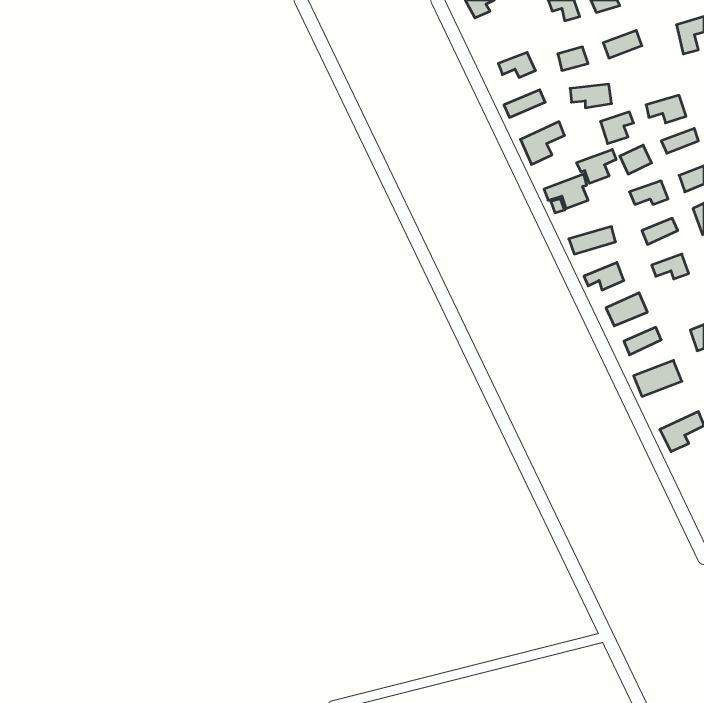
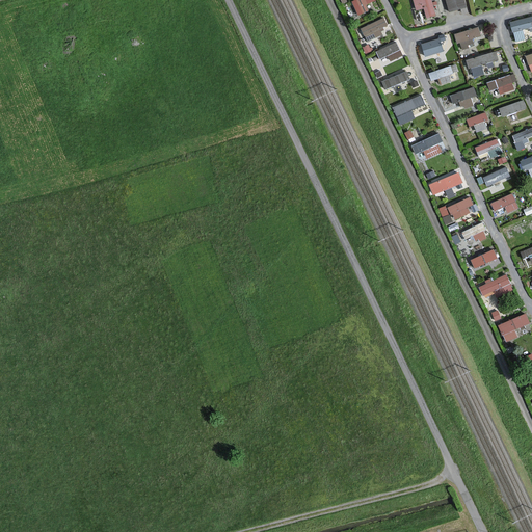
building: none -> [360,15,390,48]
building: none -> [464,51,499,75]
building: [577,149,616,183] -> none

